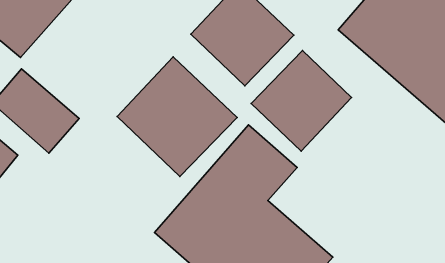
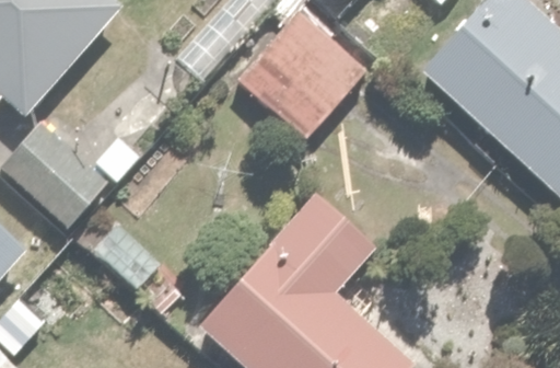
building: [251,51,352,151] -> none
building: [117,57,237,176] -> none

